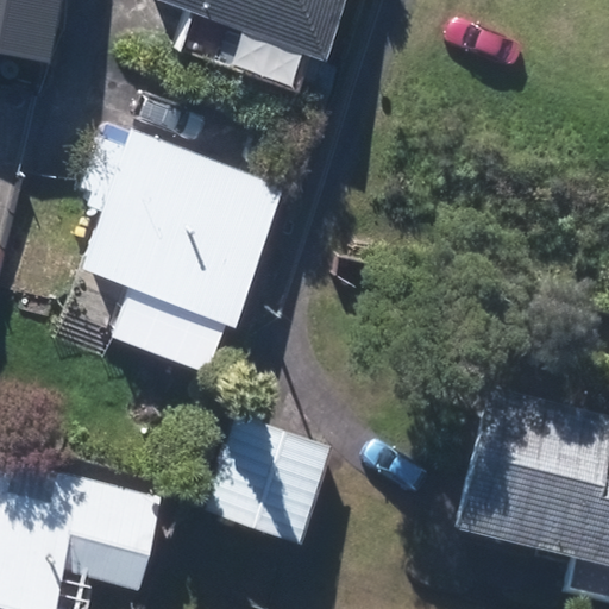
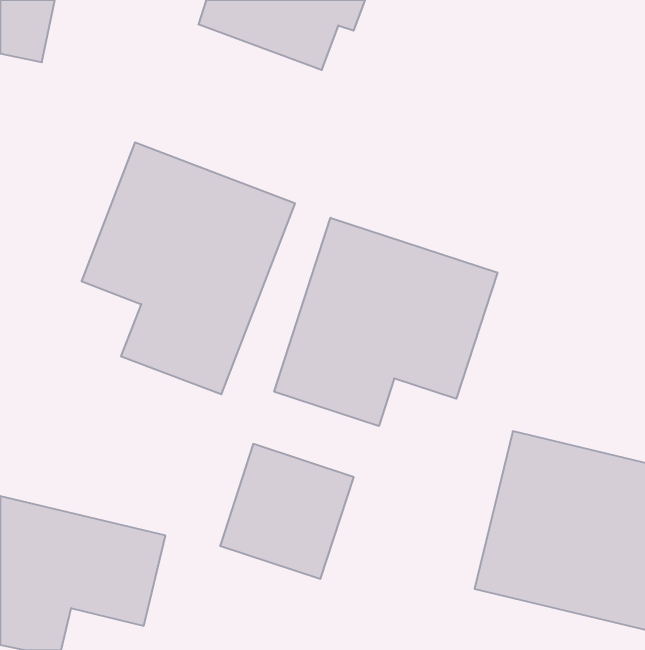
building: none -> [274,218,497,426]

